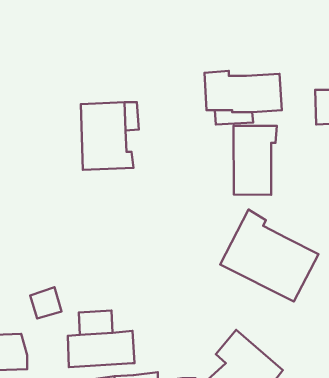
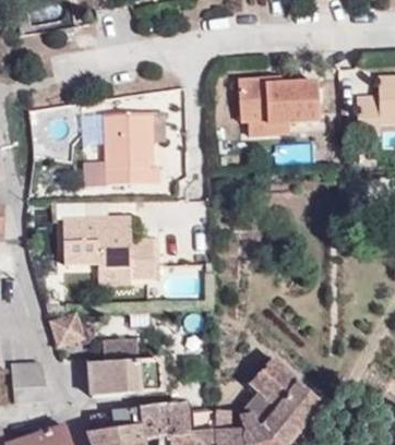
building: [233,126,277,195] -> none
building: none -> [62,216,153,284]
building: [220,210,319,301] -> none

